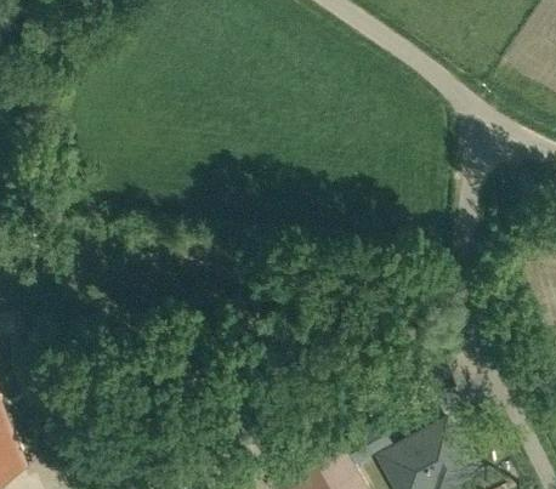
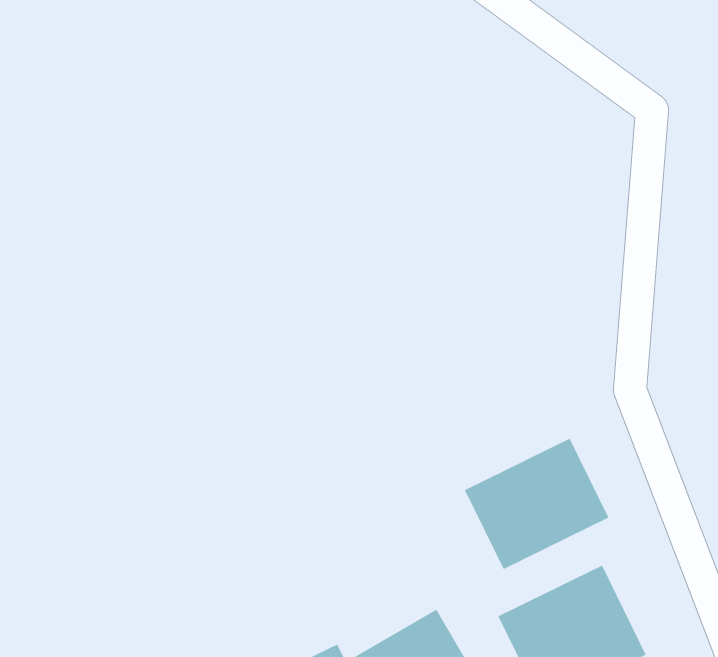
building: none -> [464,438,609,570]

